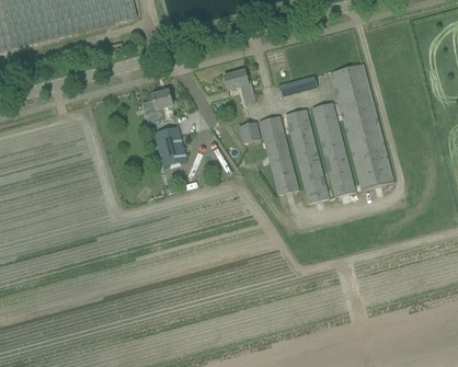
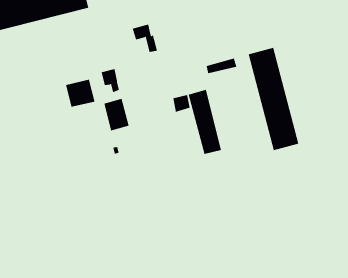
building: [222,68,254,103] -> [132,24,158,53]
building: [311,100,355,195] -> none
building: none -> [65,79,95,108]
building: [284,106,329,202] -> none

